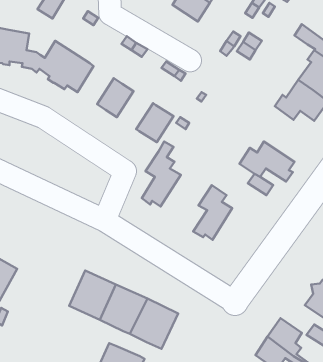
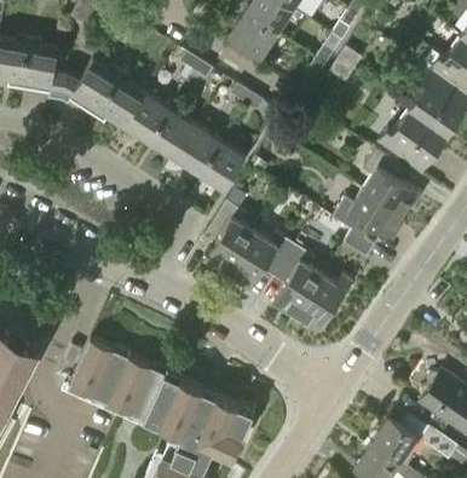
building: none -> [227,11,278,58]
building: none -> [122,91,169,140]
building: none -> [173,123,220,173]
building: none -> [364,151,423,215]
building: none -> [230,232,296,292]
building: none -> [298,276,353,335]
building: none -> [75,339,132,403]
building: none -> [172,436,212,468]

